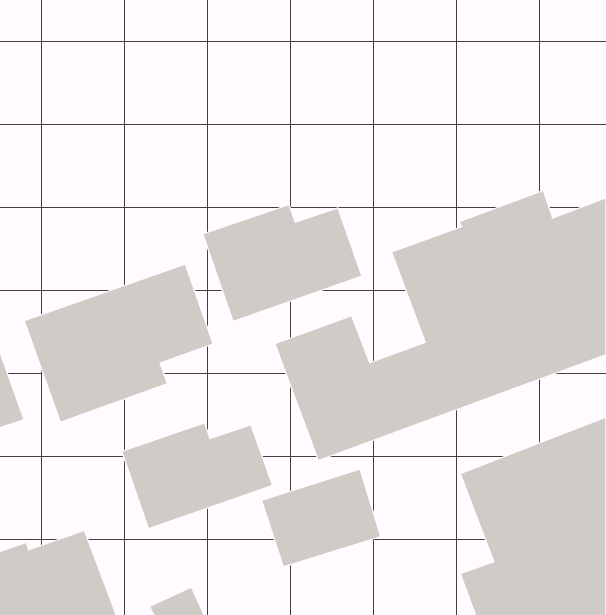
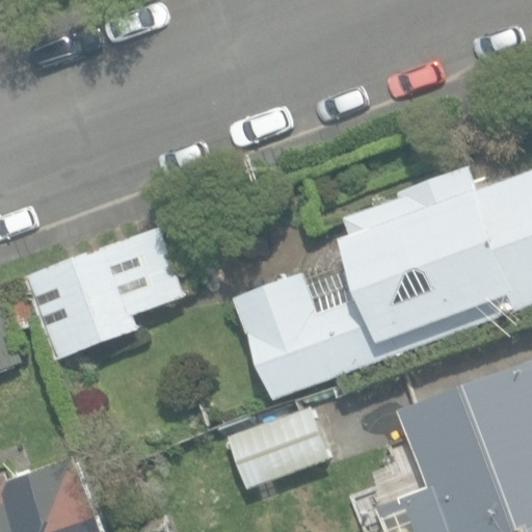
building: [203,204,362,321] -> none
building: [122,423,272,529] -> none

